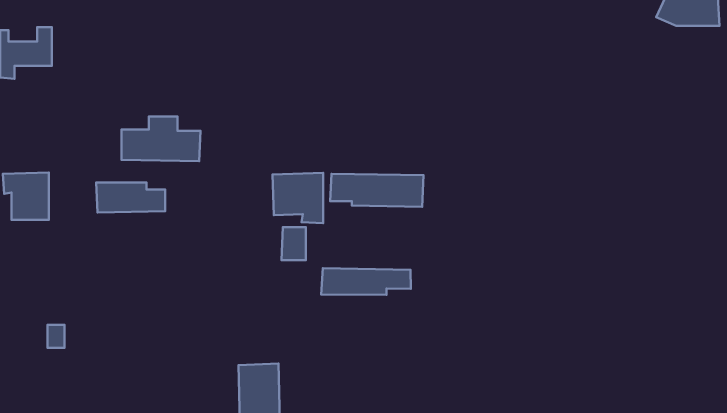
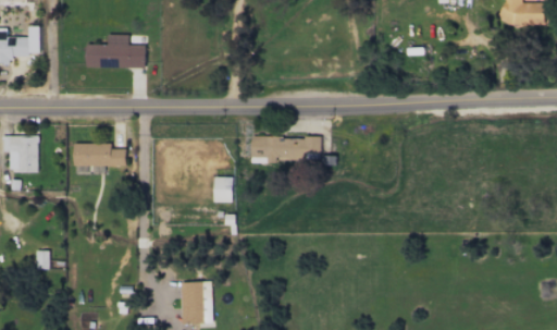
building: [122,117,201,161] -> [86,35,146,69]
building: [272,173,323,223] -> none
building: [321,268,411,295] -> none

